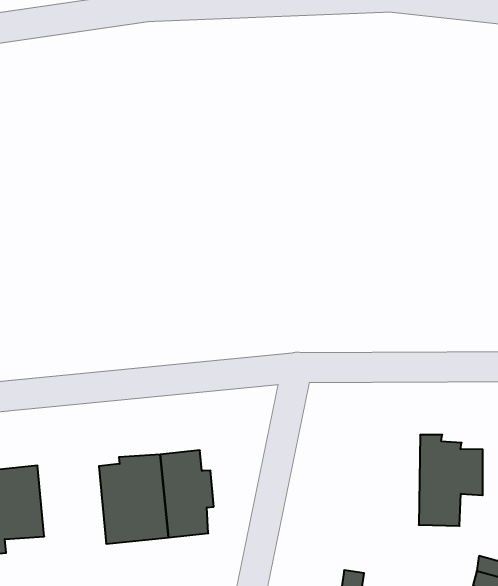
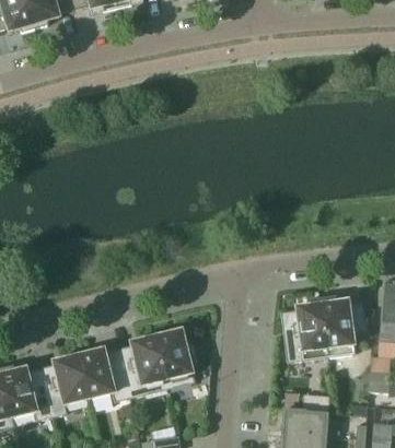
building: none -> [282,297,329,361]
building: none -> [79,346,130,400]

